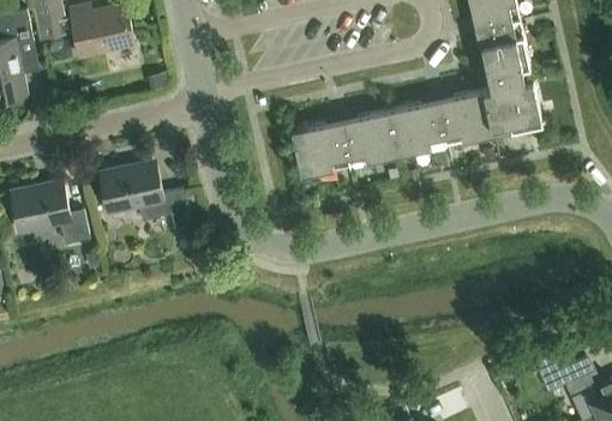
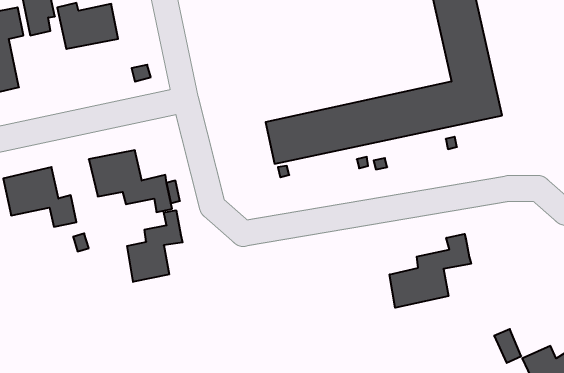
building: none -> [127,210,183,282]
building: none -> [390,234,471,308]

